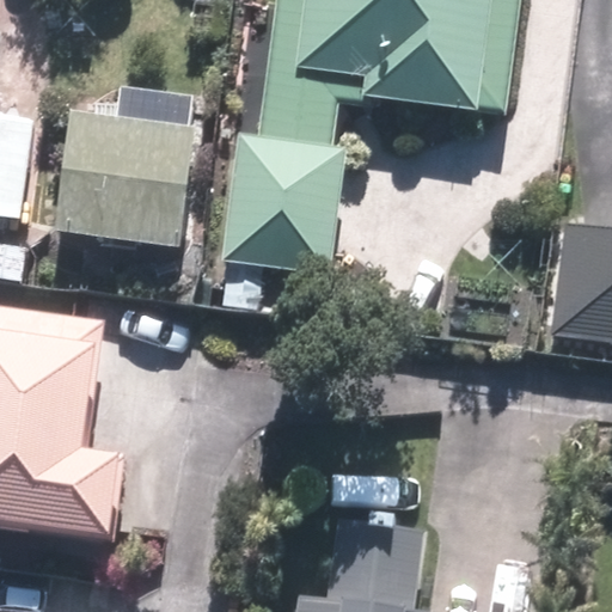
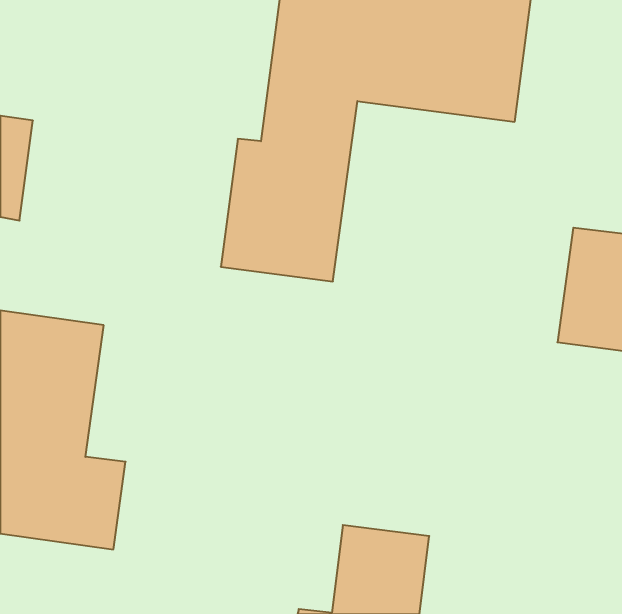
building: [51,85,195,252] -> none

